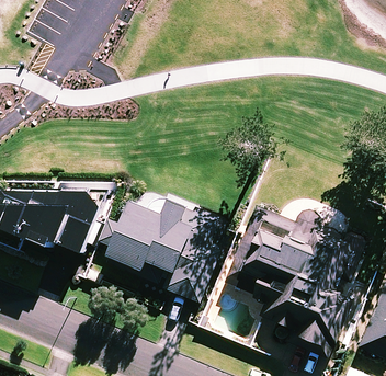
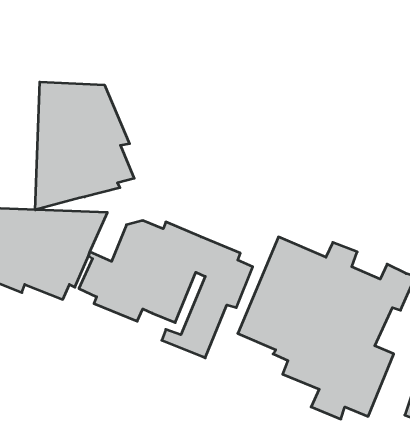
building: none -> [35,82,134,210]

